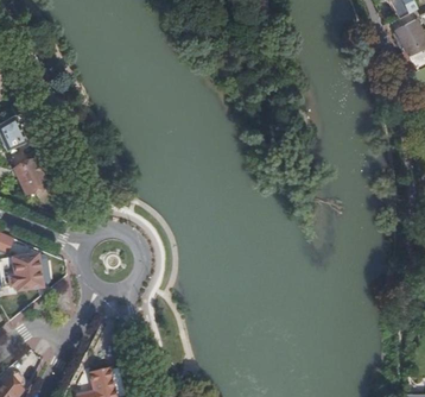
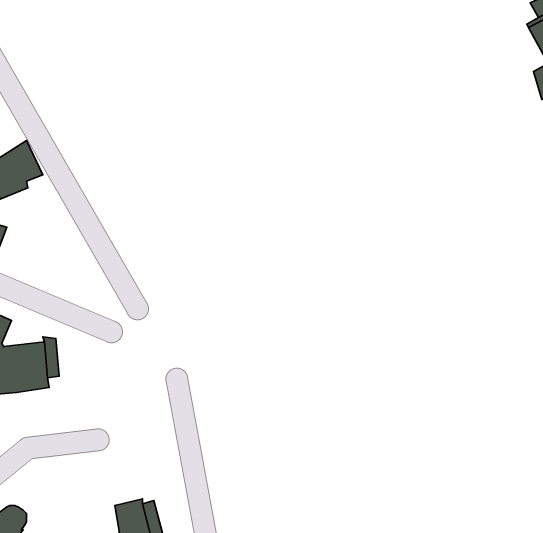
building: [15,155,53,191] -> none

